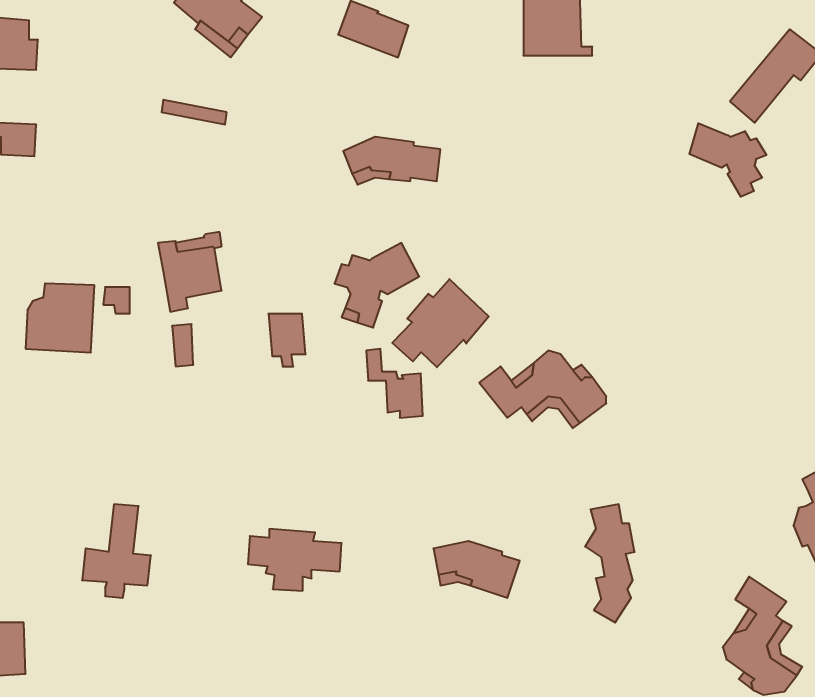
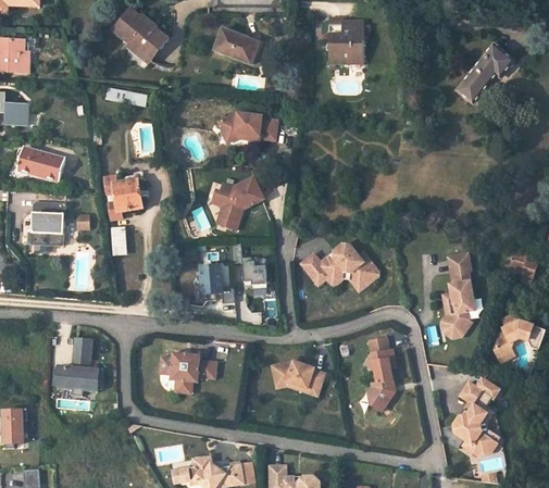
building: [689,123,766,197] -> none
building: none -> [17,147,65,180]
building: [392,279,489,367] -> none
building: [268,314,306,367] -> [199,266,222,299]
building: none -> [446,252,475,333]

